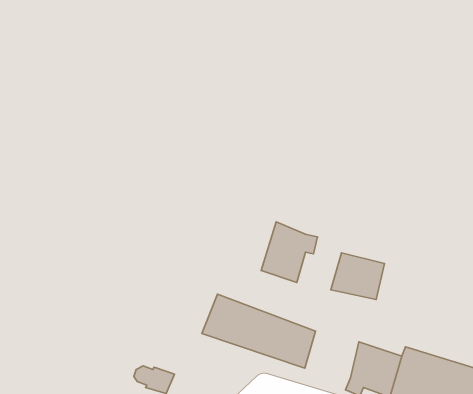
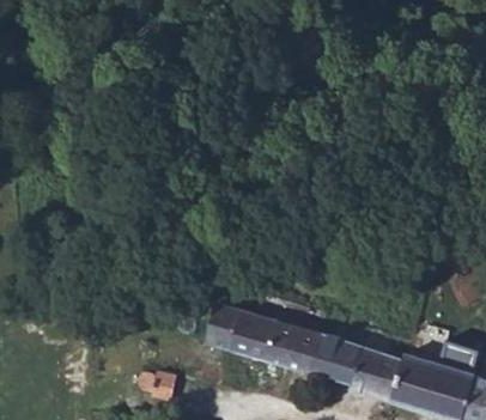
building: [261,222,318,283] -> none
building: [331,253,385,299] -> [310,335,364,382]

